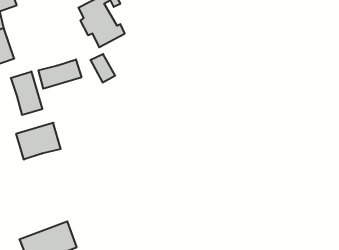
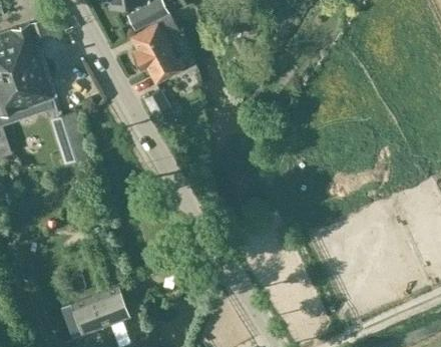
building: [38,59,81,89] -> none
building: [16,123,61,160] -> none

